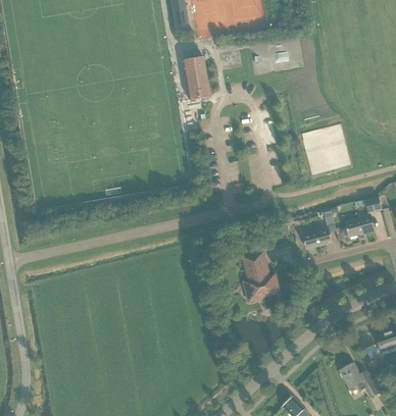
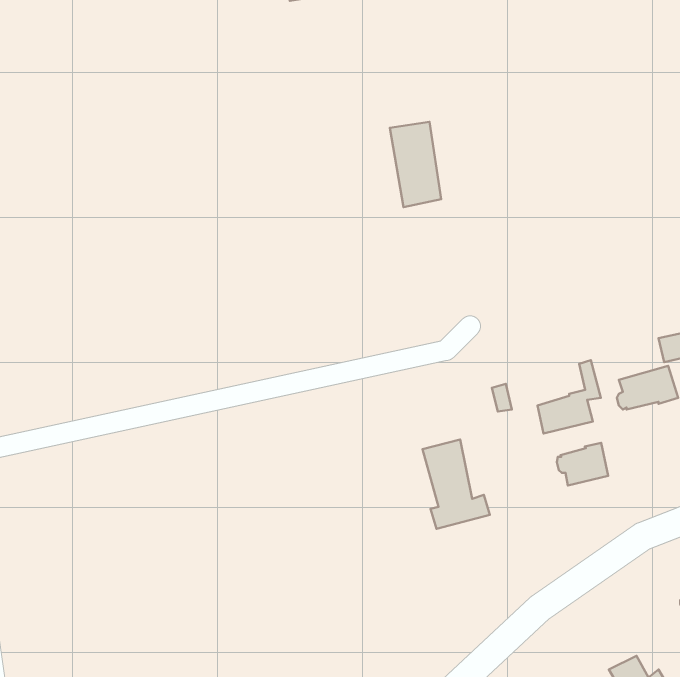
building: [182,57,208,101] -> [390,122,441,207]
building: none -> [557,443,608,485]

